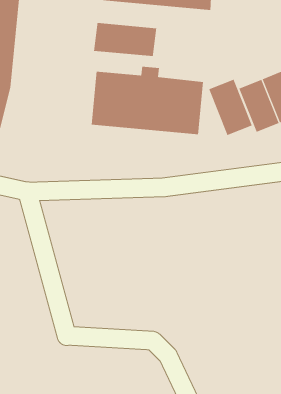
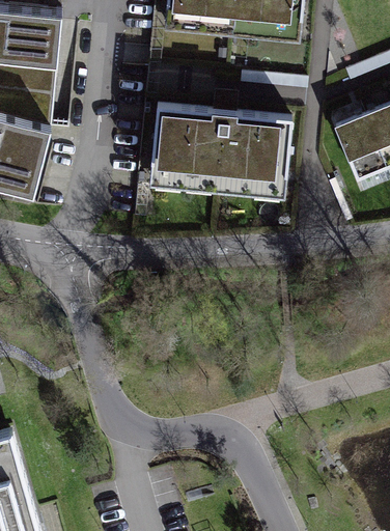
building: [94,22,157,57] -> none
building: [209,79,252,136] -> none

